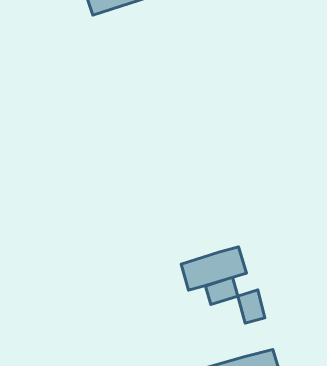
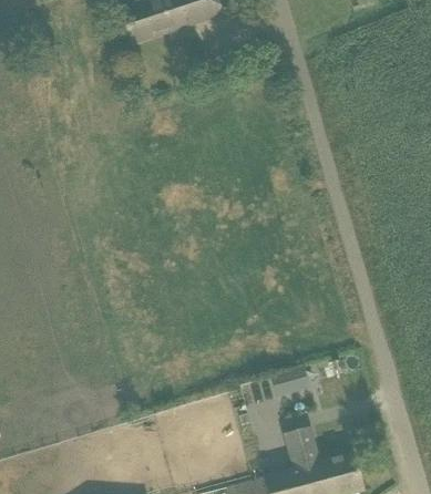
building: [181,247,247,290] -> none
building: [238,290,265,323] -> [284,429,317,470]

